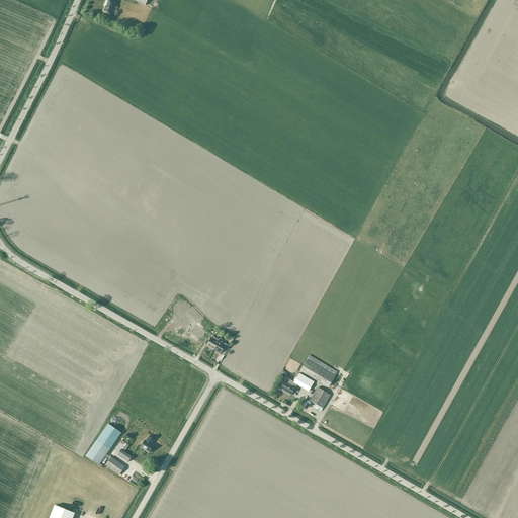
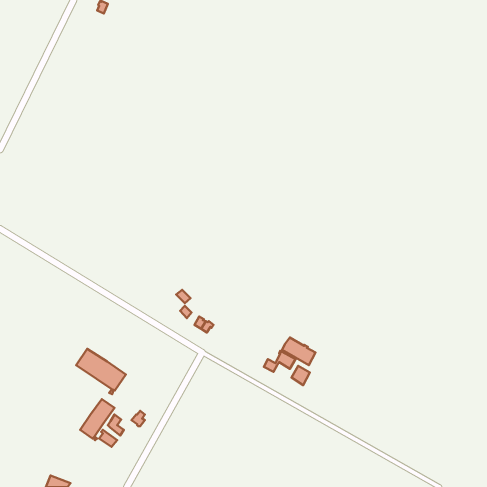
building: none -> [76,349,126,394]

